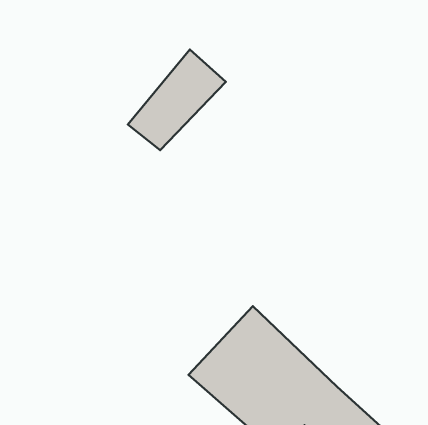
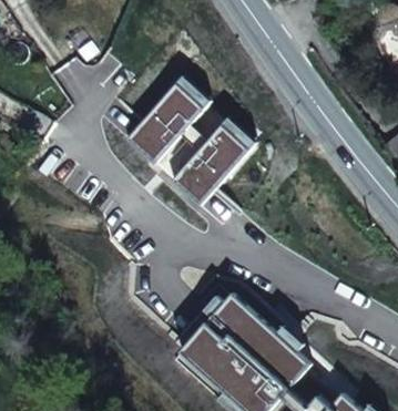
building: none -> [171,117,252,203]

